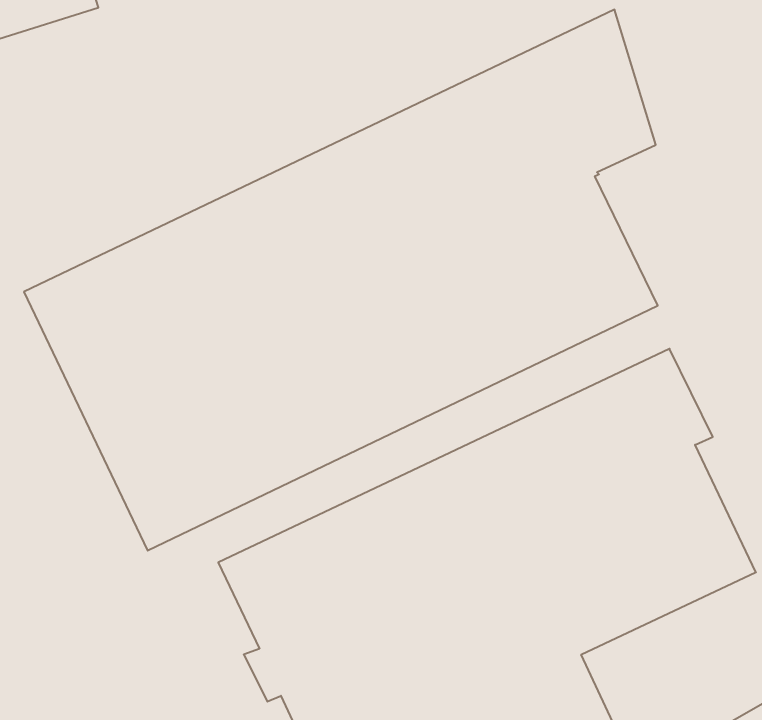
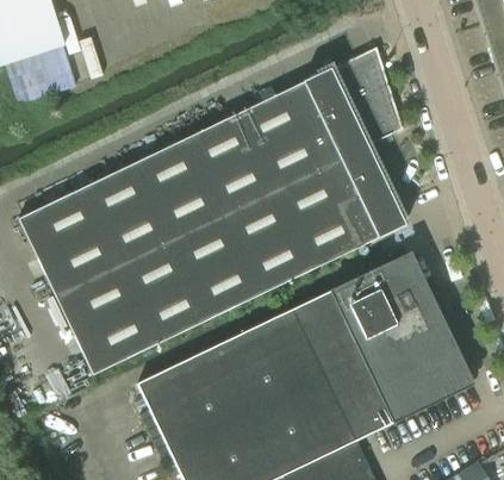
building: none -> [18,55,56,98]

